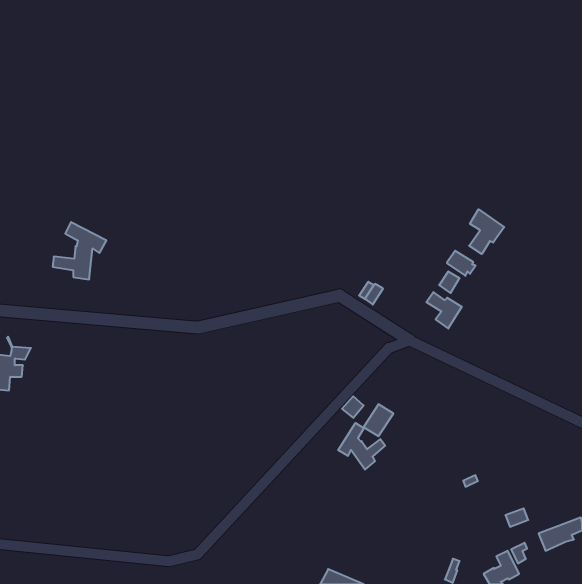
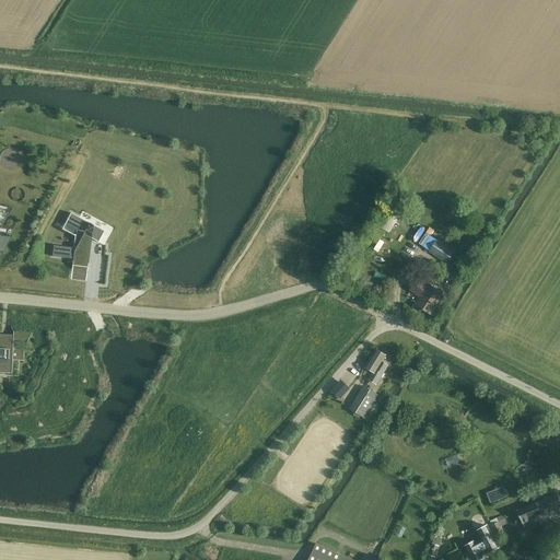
building: [469,209,504,254] -> none
building: none -> [362,348,386,384]
building: [338,423,385,470] -> none

